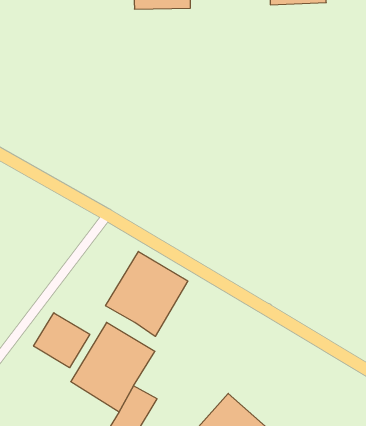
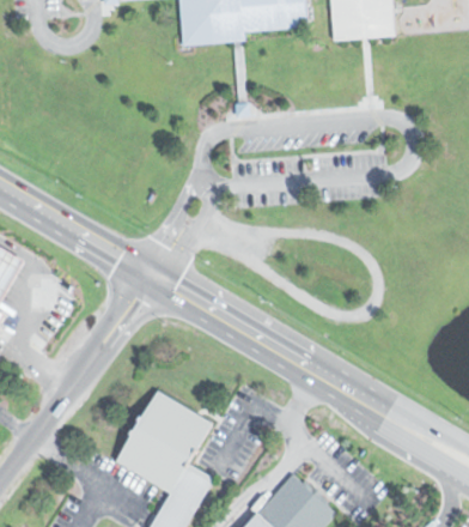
building: [106,251,188,336] -> none
building: [34,313,90,368] -> none

